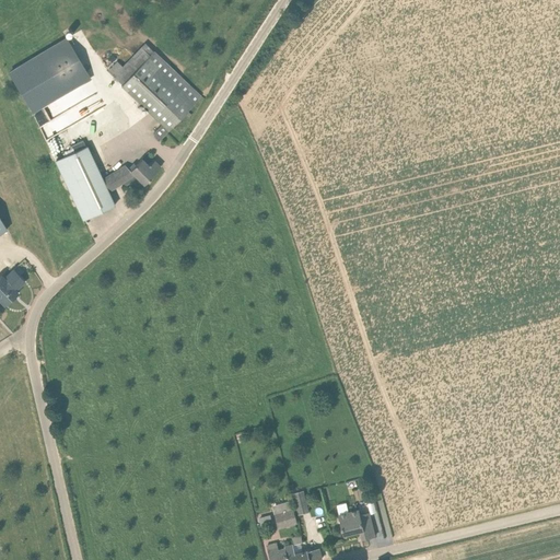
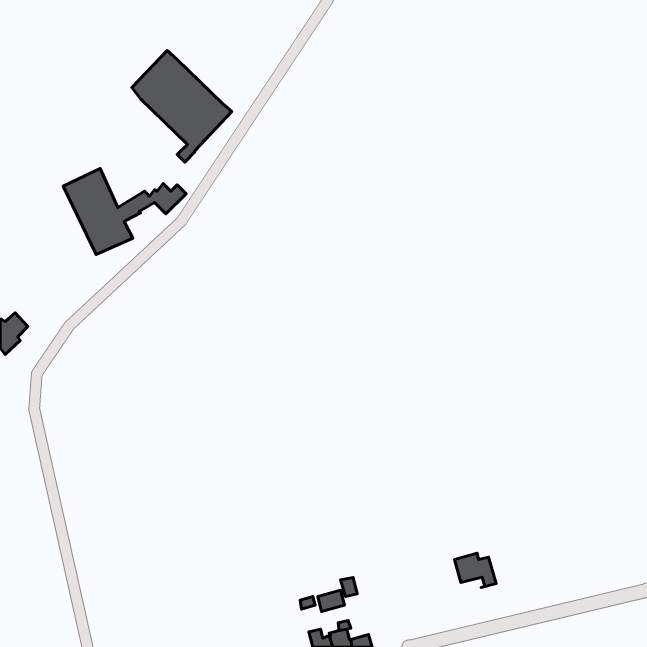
building: [9,38,92,114] -> none
building: [339,510,375,539] -> [454,553,496,587]

